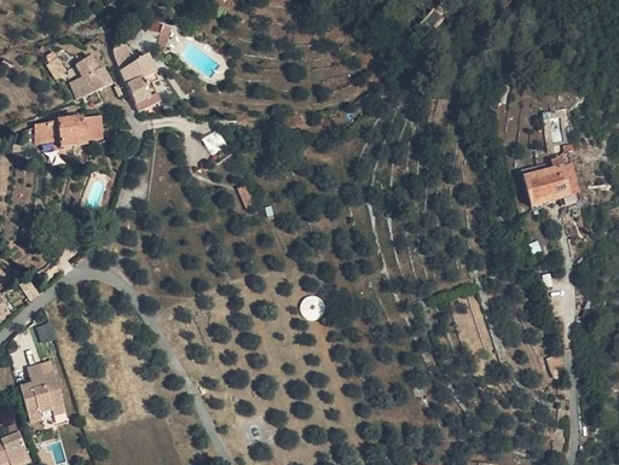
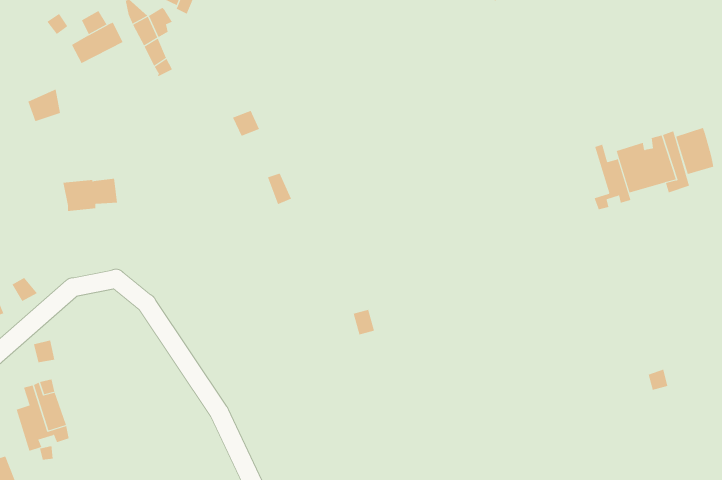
building: [56,116,102,144] -> [63,178,118,211]
building: none -> [675,127,714,175]
building: none -> [594,144,631,210]

